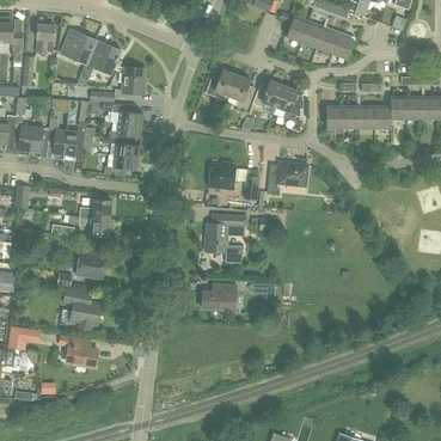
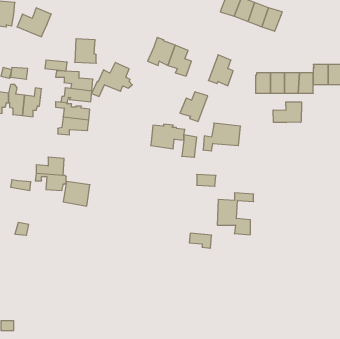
building: [79,43,124,81] -> [92,62,132,97]
building: [252,80,283,114] -> [180,92,208,122]
building: none -> [273,102,301,123]
building: [206,216,246,263] -> [217,193,254,235]
building: [76,252,106,280] -> [63,182,90,206]
building: [201,284,235,311] -> none
building: [61,289,103,330] -> none
building: [61,336,98,367] -> none

